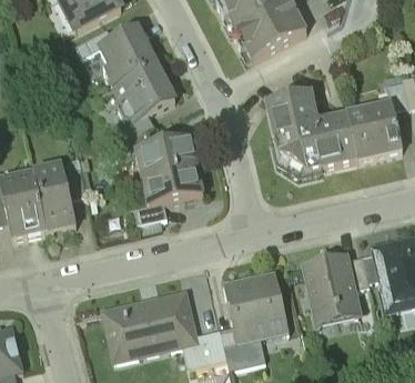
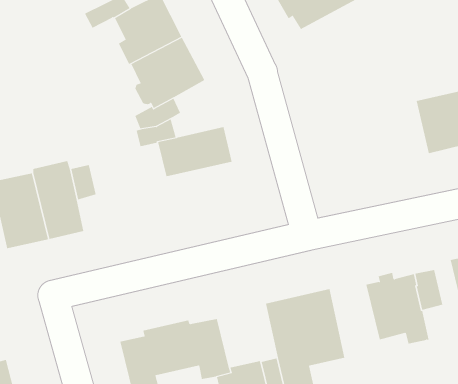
building: [266,92,356,170] -> none
building: [142,165,203,205] -> none

